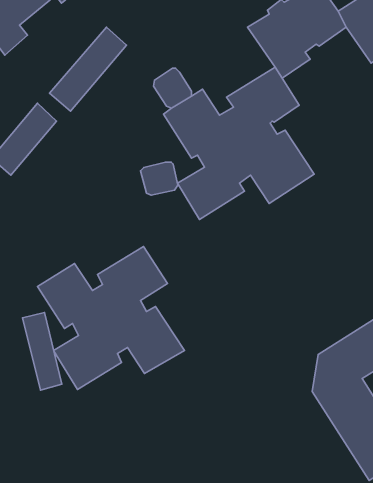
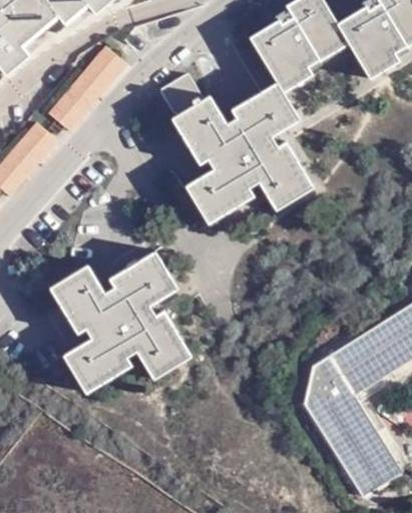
building: [140,162,178,195] -> none
building: [23,312,62,390] -> none

